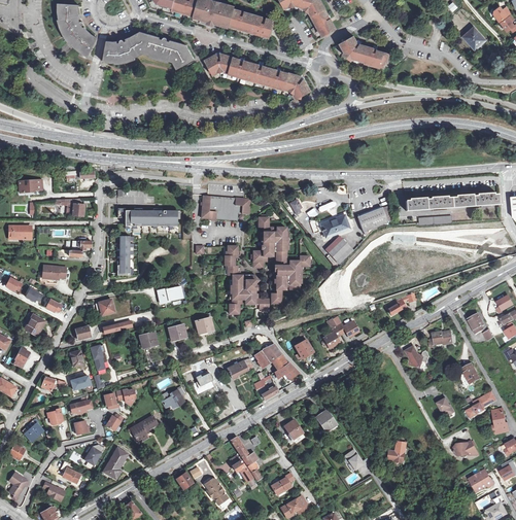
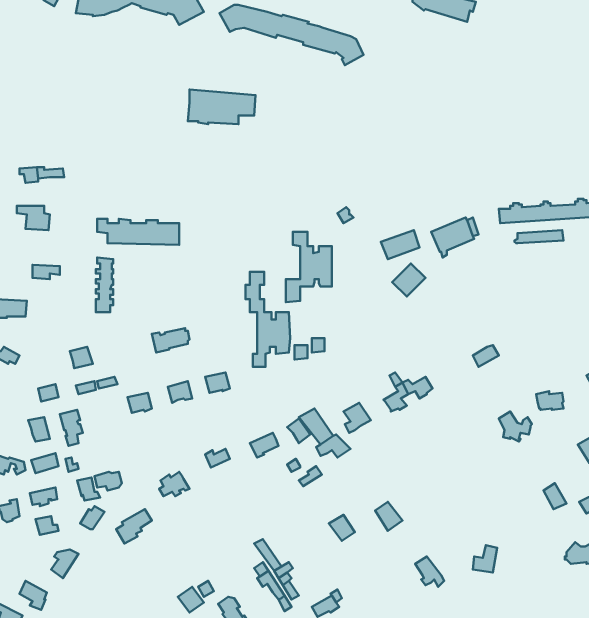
building: [201,196,249,220] -> [188,90,256,124]
building: [275,256,309,290] -> none
building: [101,448,128,481] -> none

